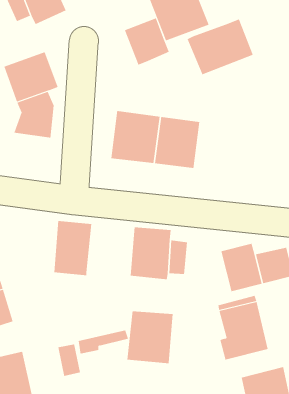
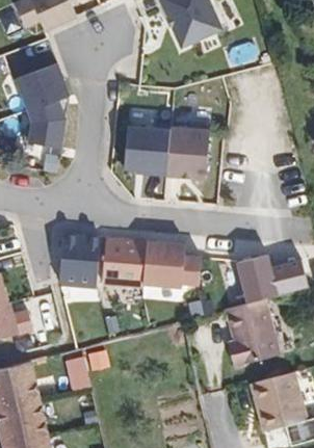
building: [124,17,169,66] -> none
building: [187,18,253,75] -> none
building: [127,311,174,364] -> [97,233,145,287]

